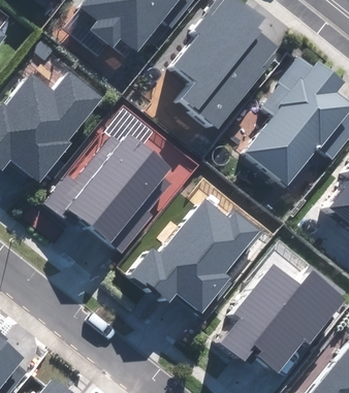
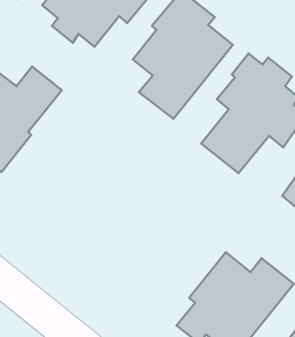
building: [44,135,168,252] -> none
building: [133,201,258,313] -> none

